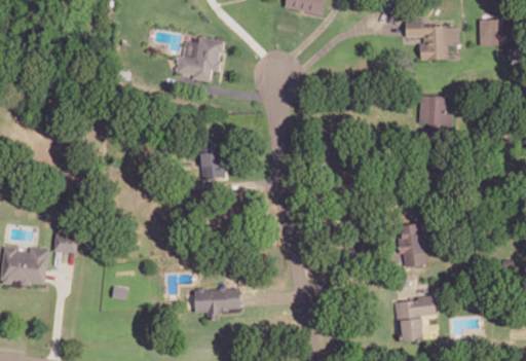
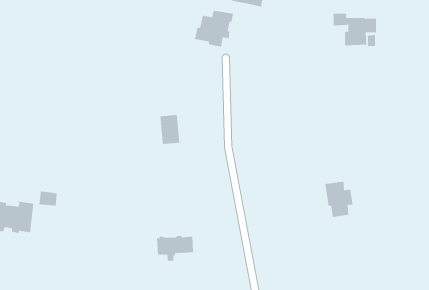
building: [480,19,497,44] -> none
building: [177,36,224,80] -> [194,10,234,47]
building: [419,96,452,127] -> none
building: [396,295,435,340] -> none

